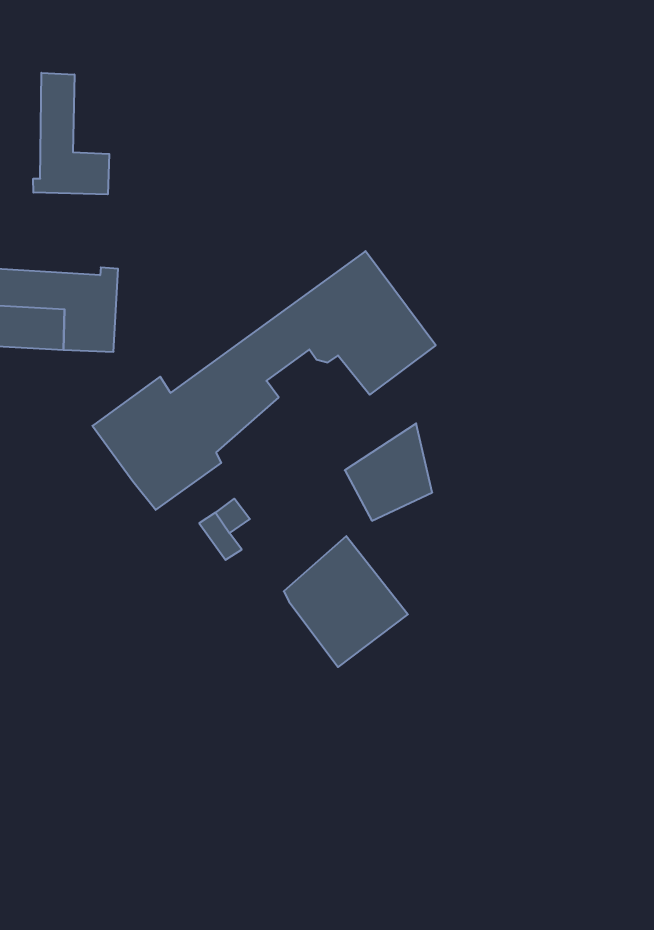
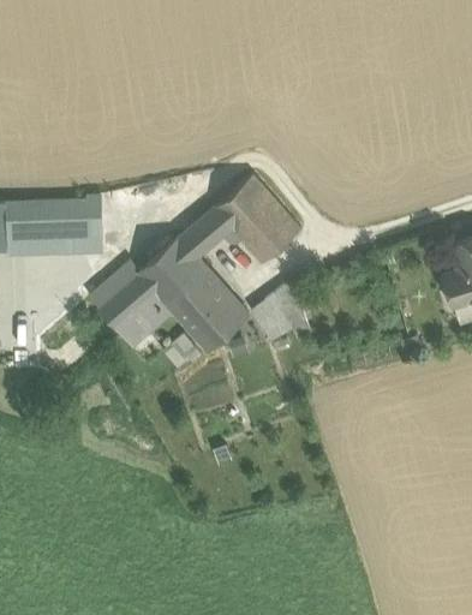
building: [33,73,109,194] -> none
building: [284,536,408,667] -> [169,270,247,352]

